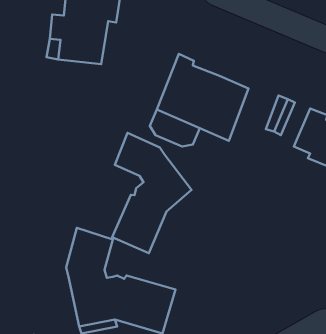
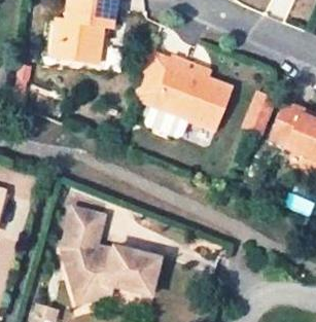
building: [112,133,192,253] -> none

